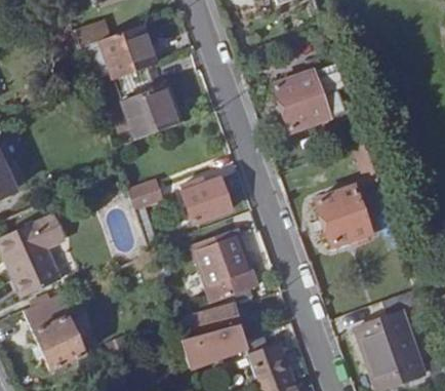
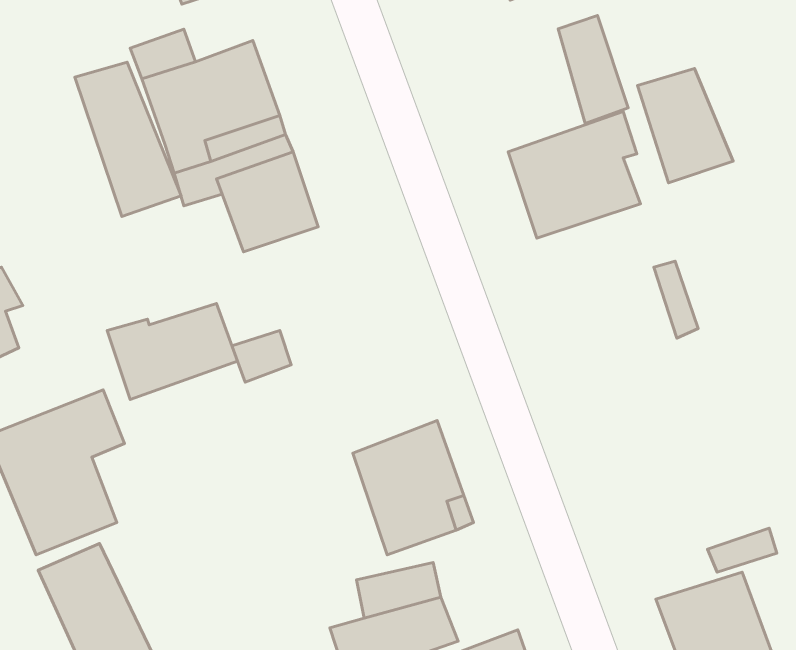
building: none -> [558,16,628,123]
building: none -> [75,62,181,216]
building: none -> [638,69,733,183]
building: [162,181,232,232] -> [107,304,238,400]
building: [317,186,372,246] -> none

